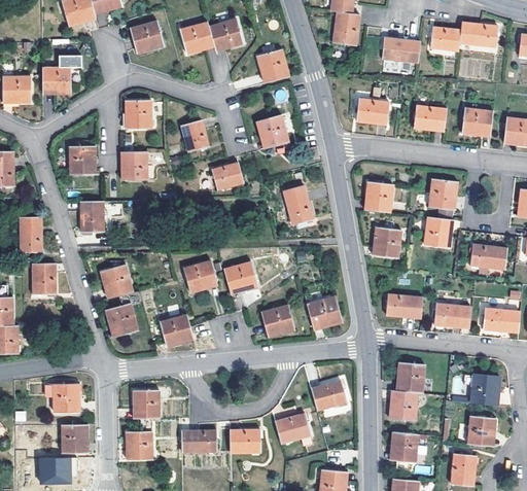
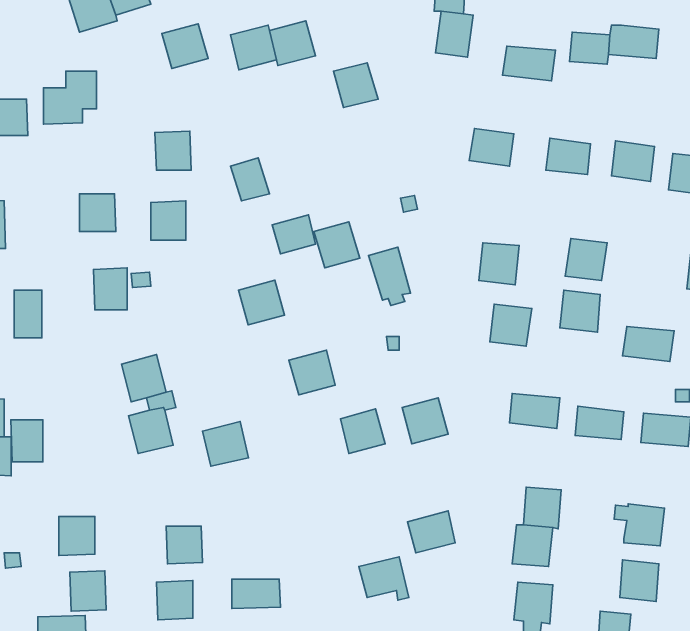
building: [255,114,289,148] -> [314,222,360,268]
building: [183,260,217,293] -> [238,280,285,325]
building: [32,262,56,293] -> [11,420,43,462]
building: [230,429,260,453] -> none

